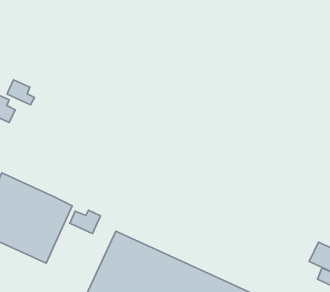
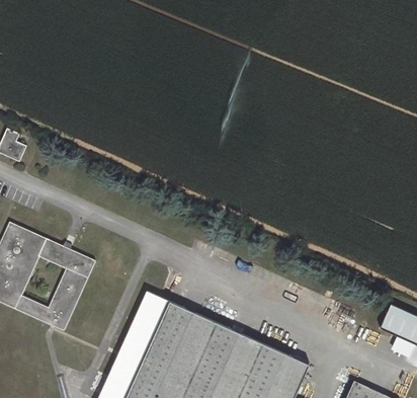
building: [7,80,34,105] -> none
building: [70,210,101,234] -> none

